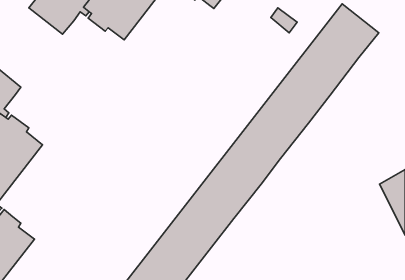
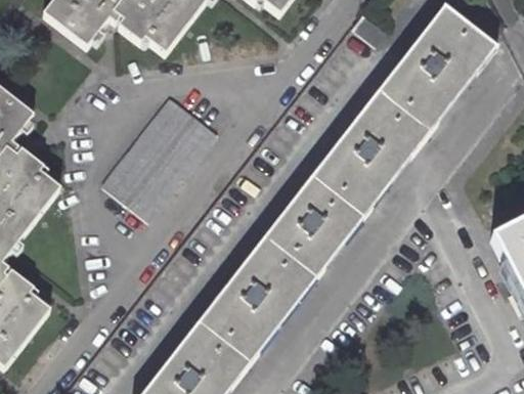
building: none -> [101,96,216,220]

